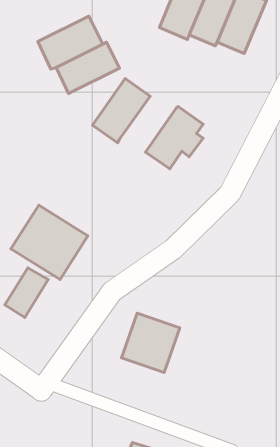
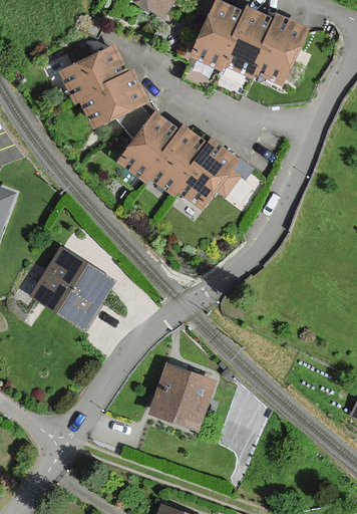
building: none -> [148,125,210,194]
building: [5,268,48,317] -> none

